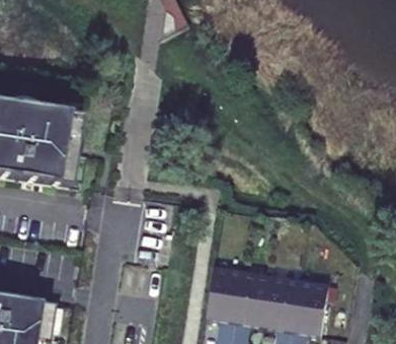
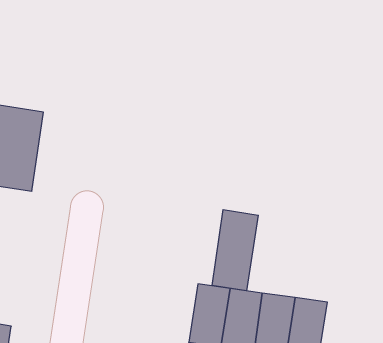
building: none -> [212,210,258,291]

